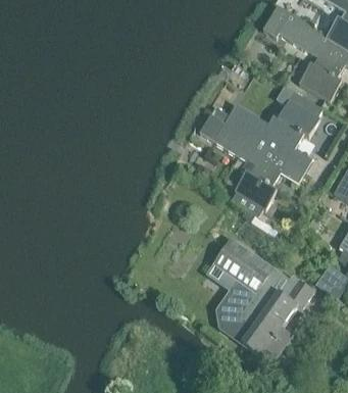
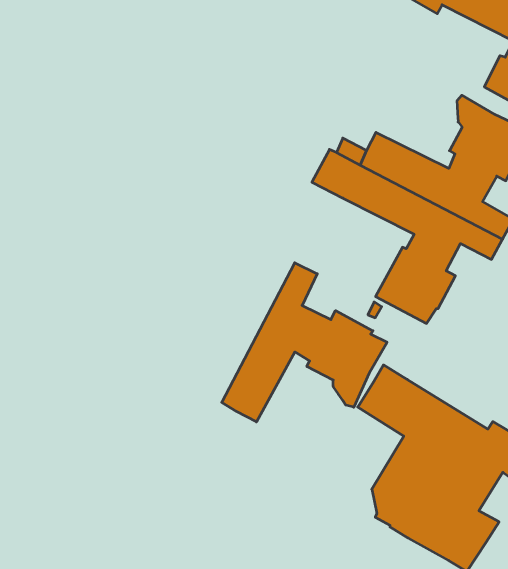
building: none -> [222,263,387,422]

